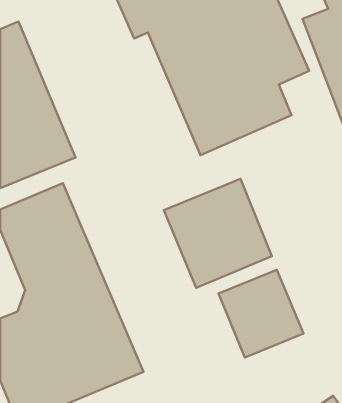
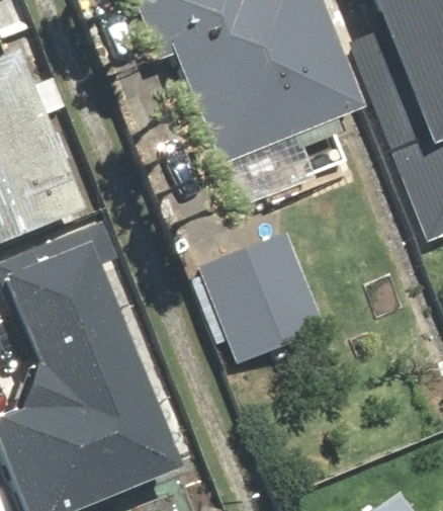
building: [219,270,303,358] -> none

